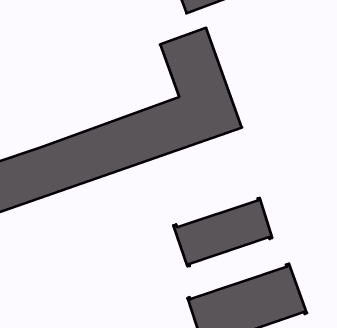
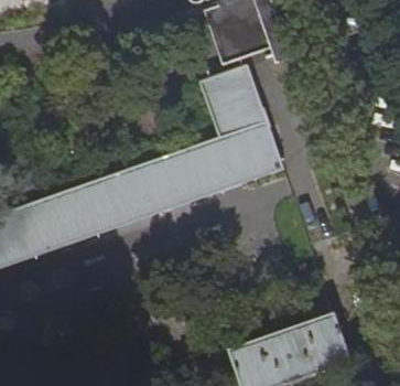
building: [173,198,272,266] -> none

